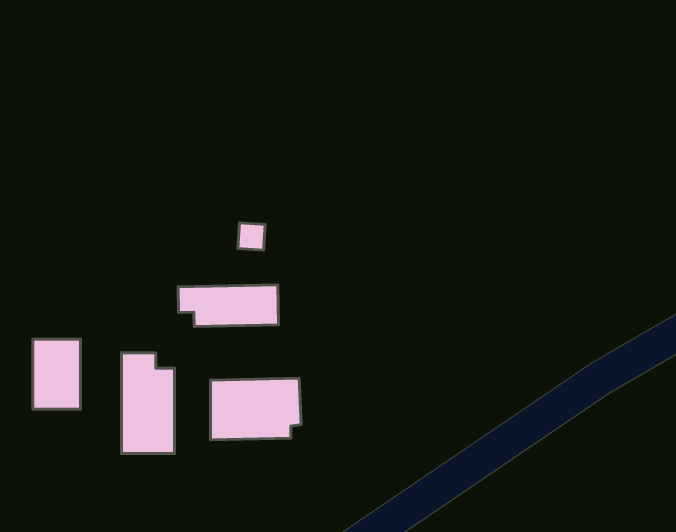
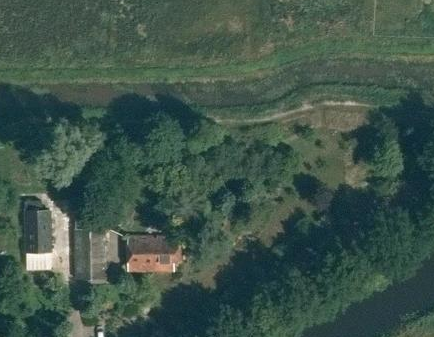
building: [178,285,279,326] -> none

